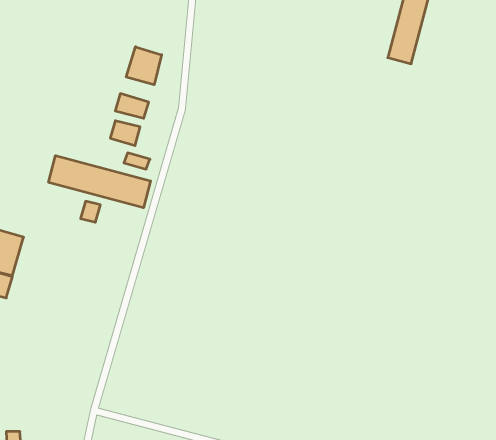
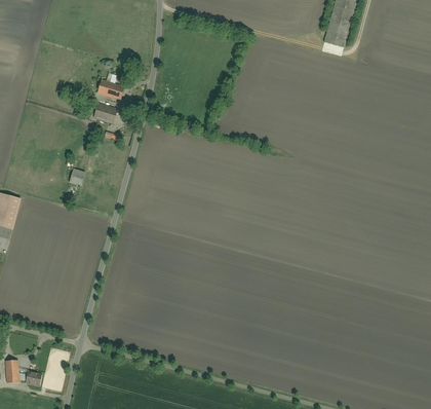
building: [126,47,162,85] -> none
building: [49,156,151,208] -> none

